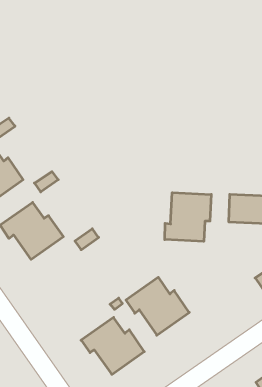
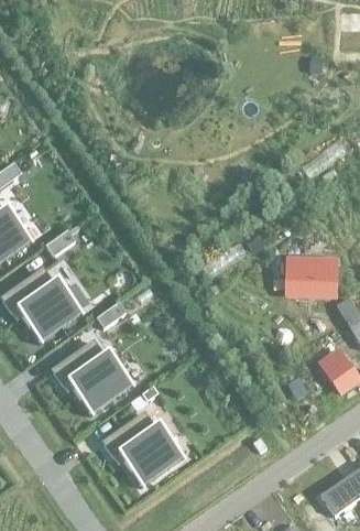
building: [165,193,211,241] -> none
building: [126,277,189,335] -> [53,340,132,413]

